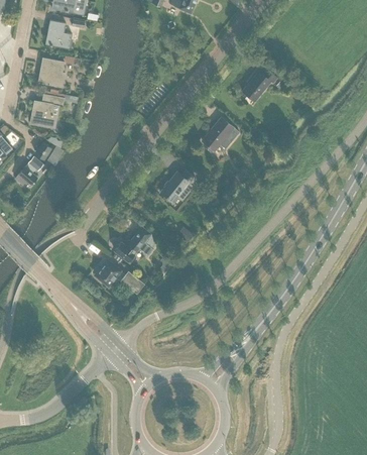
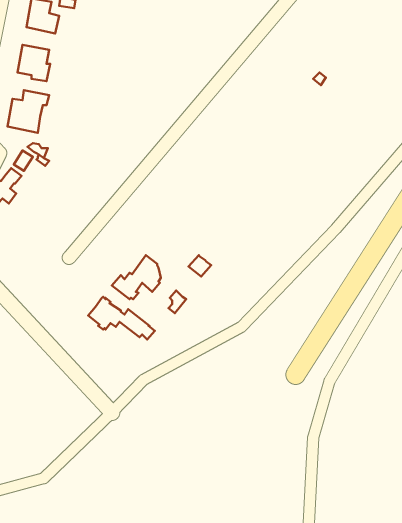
building: [242,69,276,101] -> none
building: [202,120,238,151] -> none
building: [160,170,196,202] -> none

